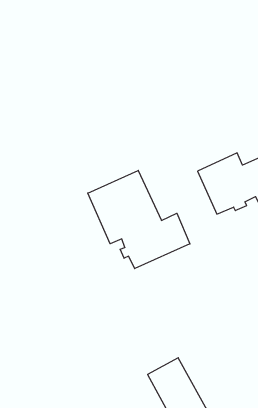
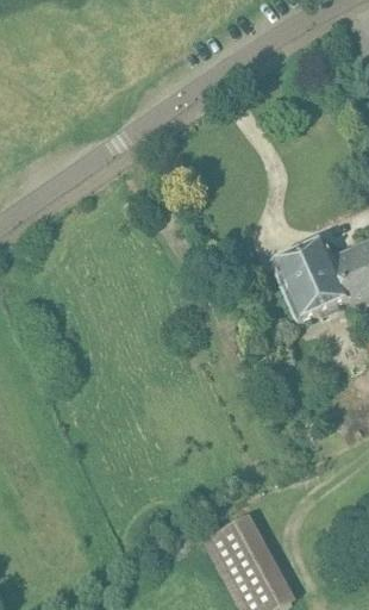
building: [88,170,190,269] -> none

